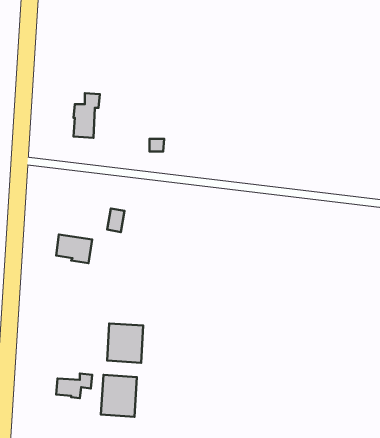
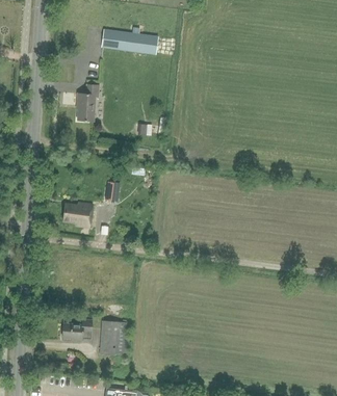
building: none -> [101,29,158,54]
building: [107,323,143,363] -> none

